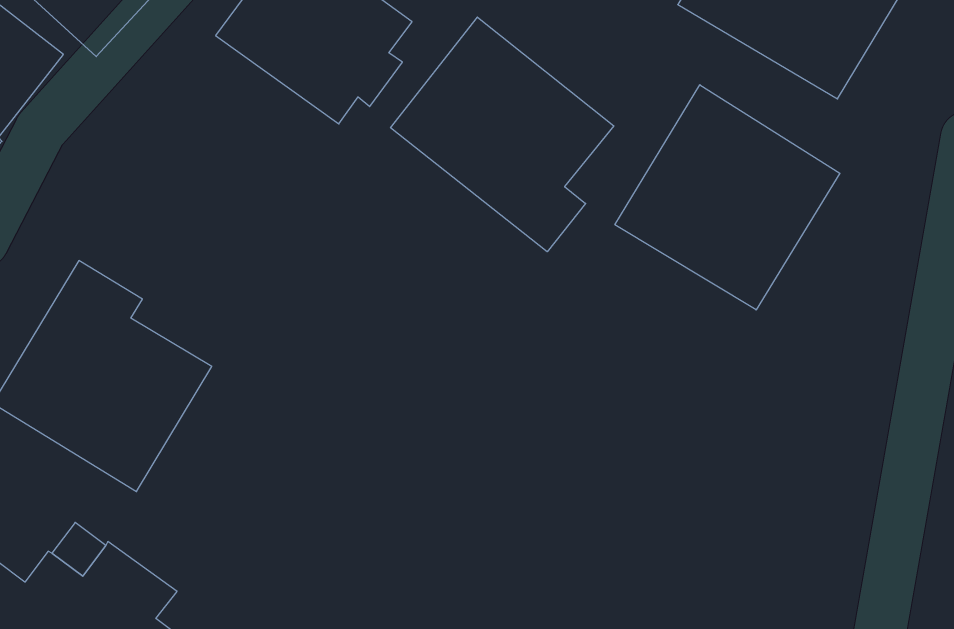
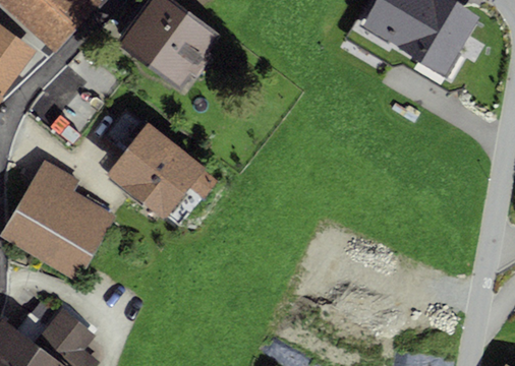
building: [391,17,614,252] -> none
building: [615,85,840,310] -> none
building: none -> [103,105,220,227]

